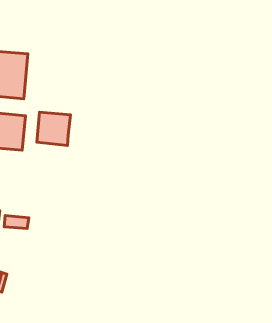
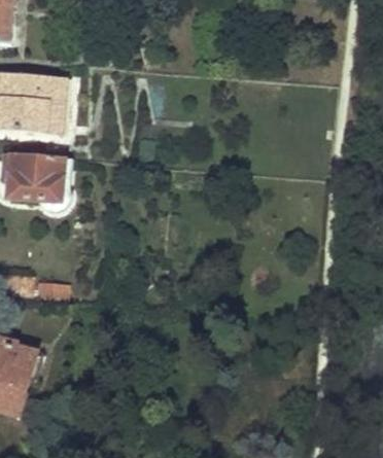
building: [37,112,70,145] -> none

